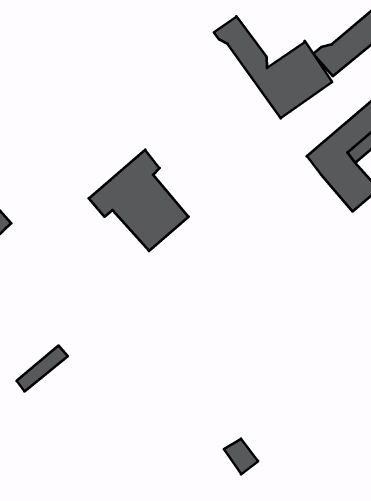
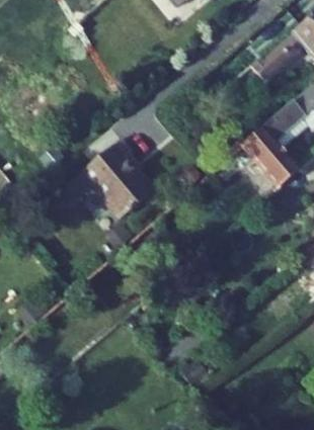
building: [214,16,332,118] -> none

